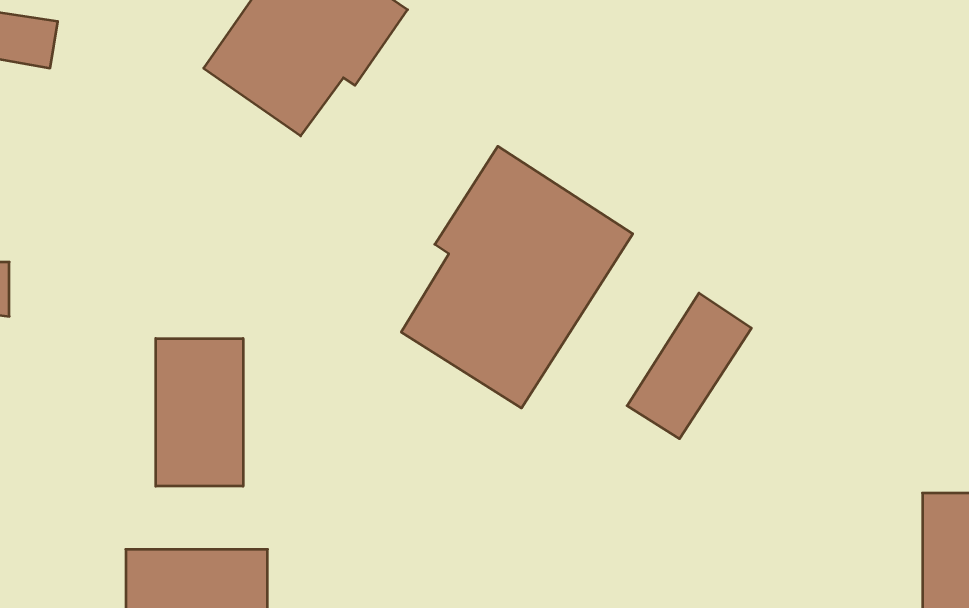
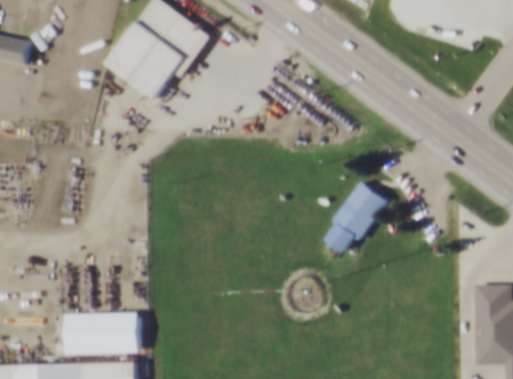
building: [401,146,633,408] -> none
building: [156,338,243,486] -> none

